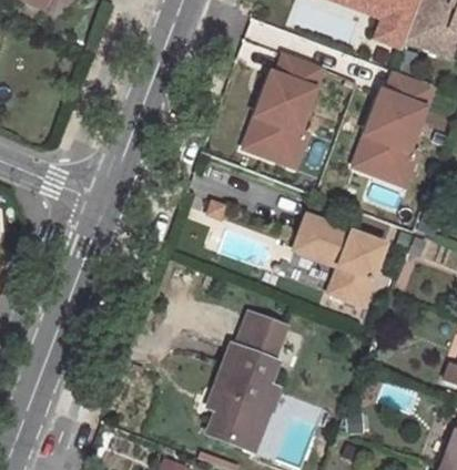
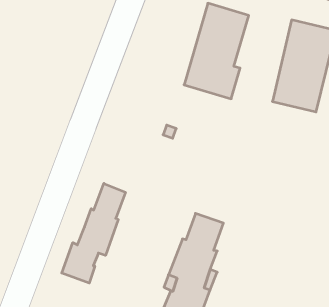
building: [296,216,386,305] -> none
building: none -> [62,183,125,283]

